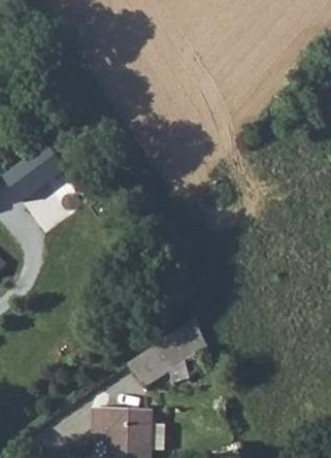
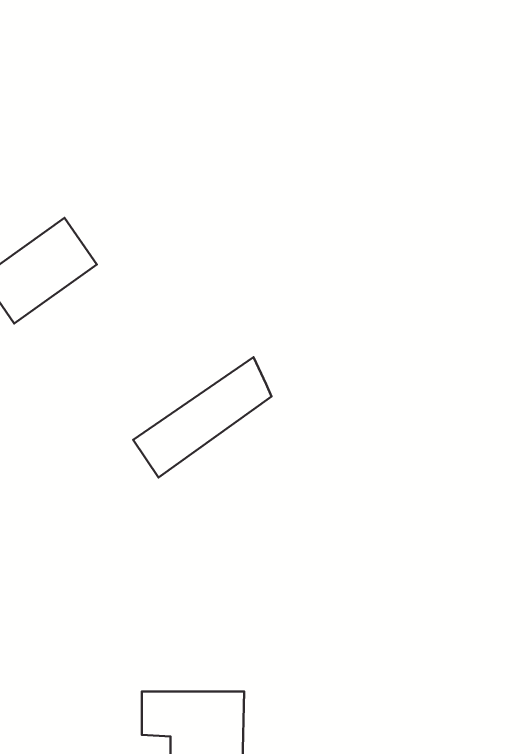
building: [123,325,202,394] -> [133,357,272,477]

